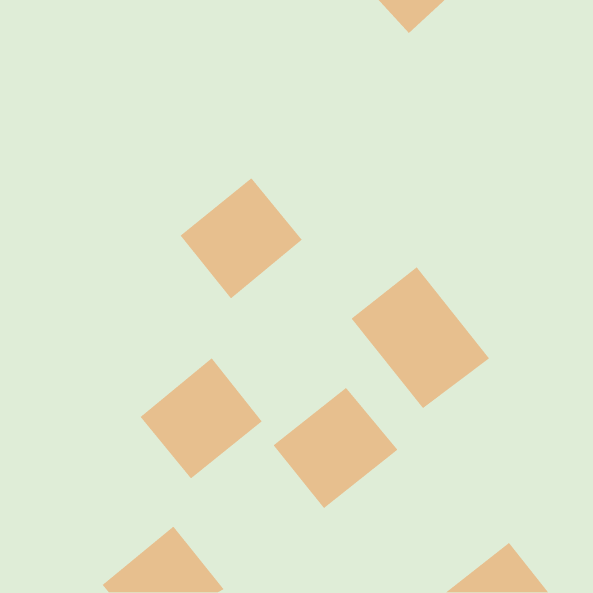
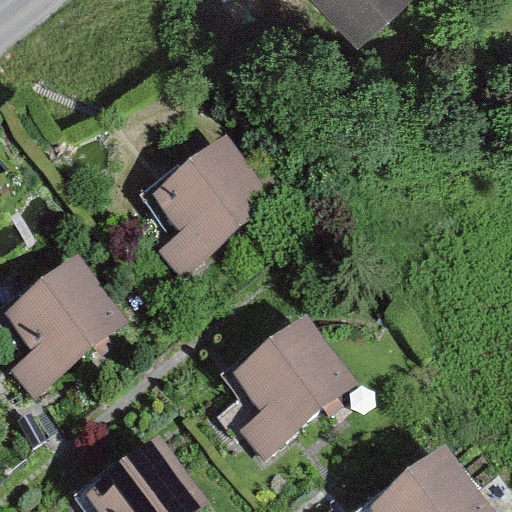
building: [351,266,490,409] -> none
building: [139,357,263,480] -> [6,271,112,376]

